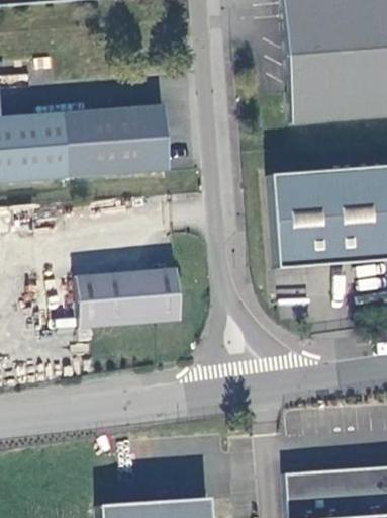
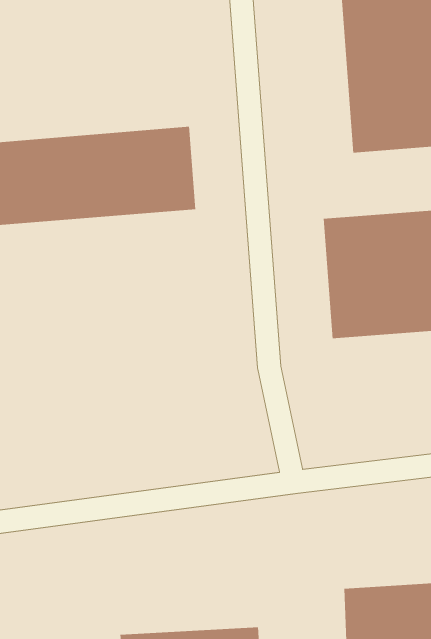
building: [77,269,181,328] -> none

